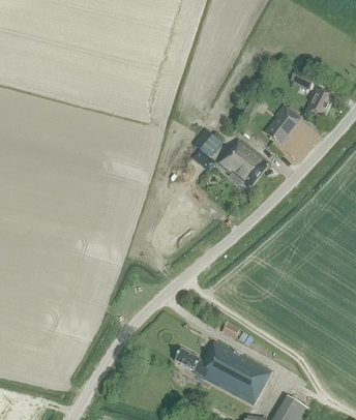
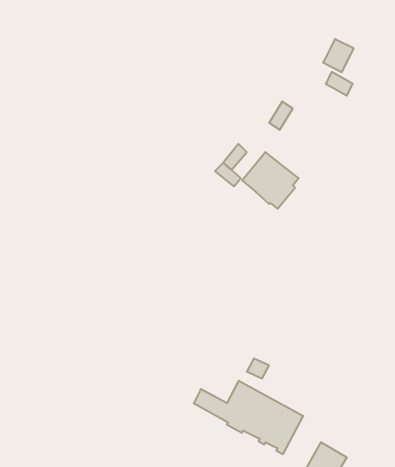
building: [306,88,333,117] -> [323,39,354,72]
building: [266,106,300,144] -> none

